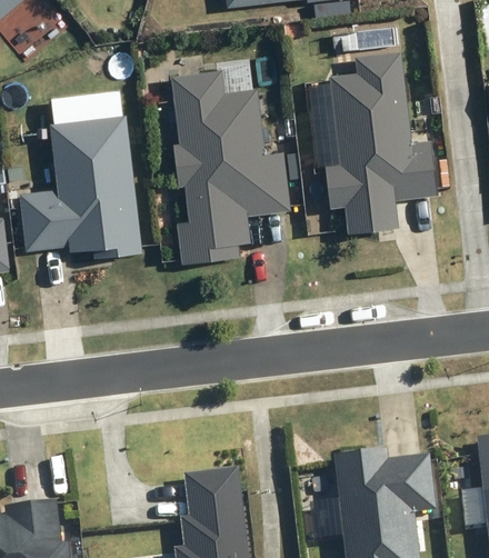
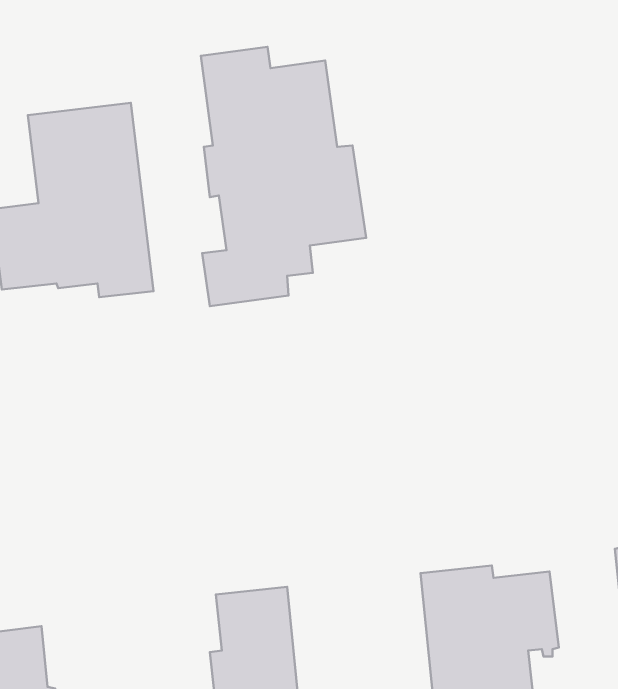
building: [323,47,436,227] -> none

